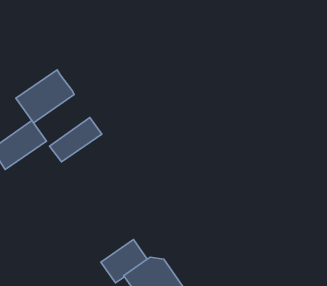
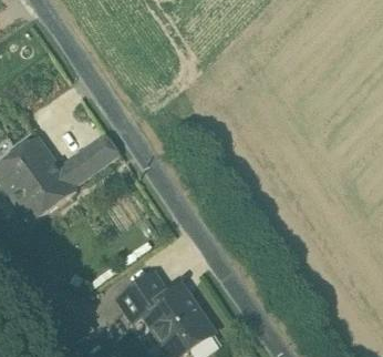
building: [16,70,74,123] -> [10,161,75,221]

